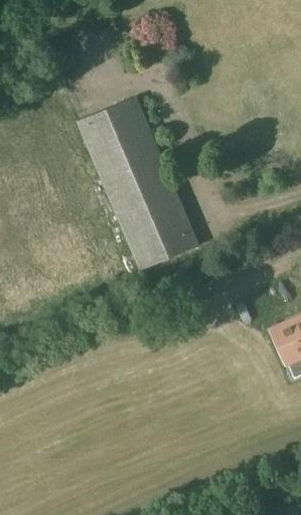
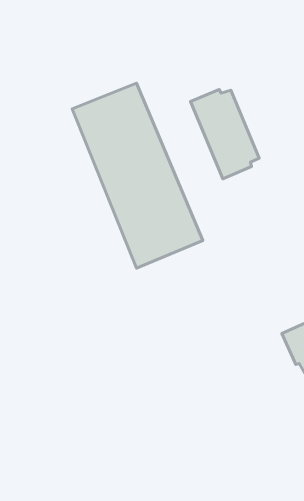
building: none -> [190,89,259,179]

